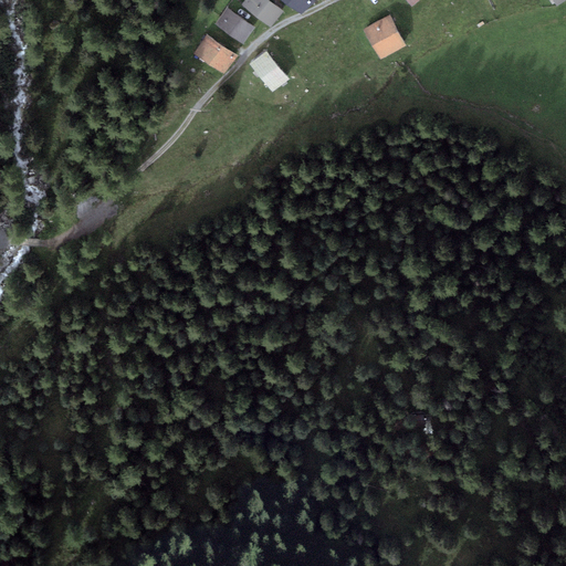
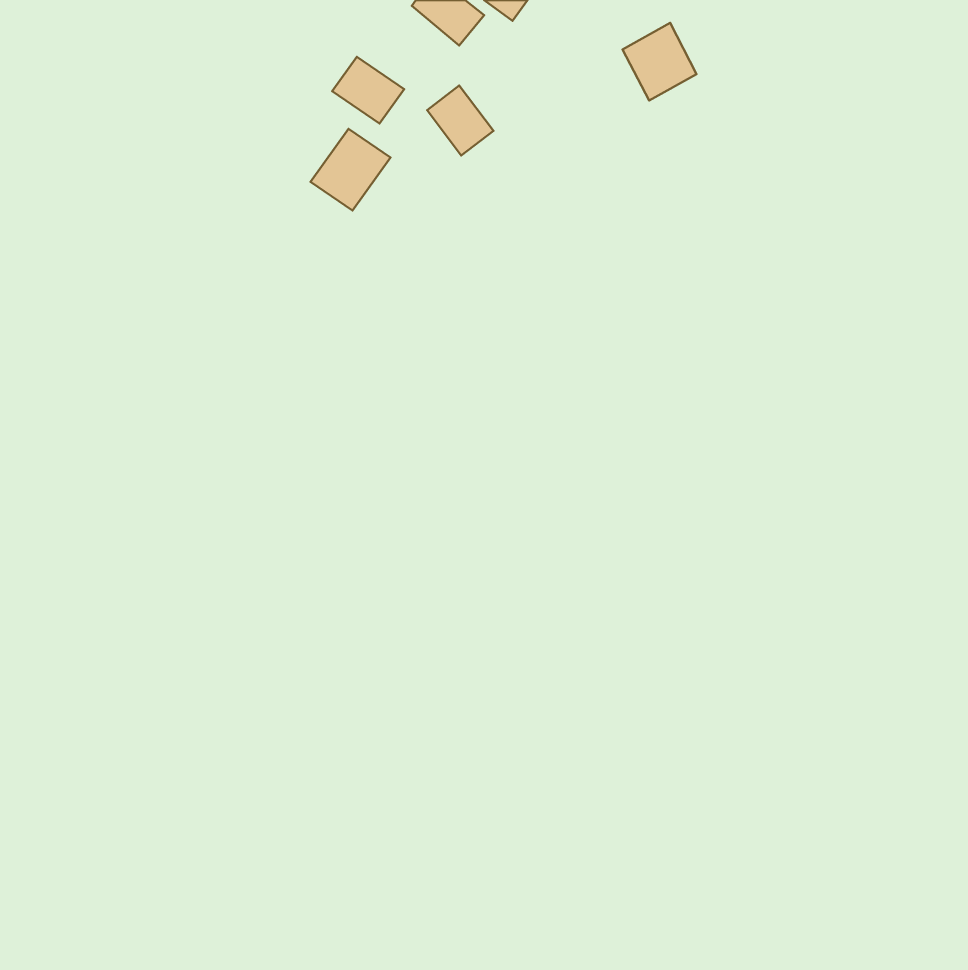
building: [214,6,254,43] -> none
building: none -> [310,129,391,211]

